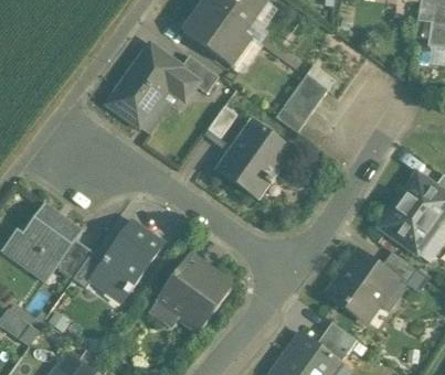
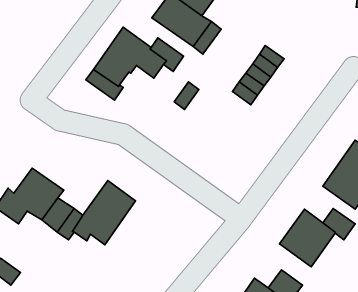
building: [222,125,288,202] -> none
building: [150,251,235,334] -> none

